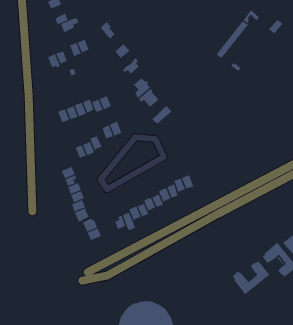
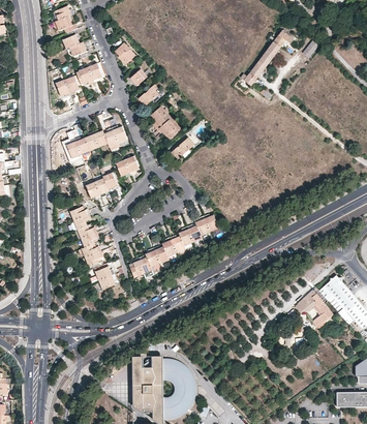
building: [232,260,270,295] -> none

